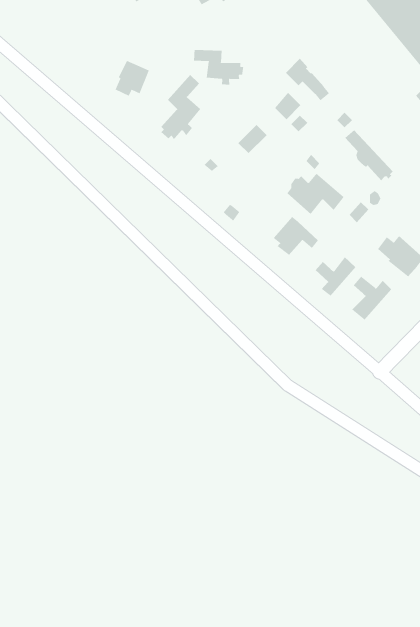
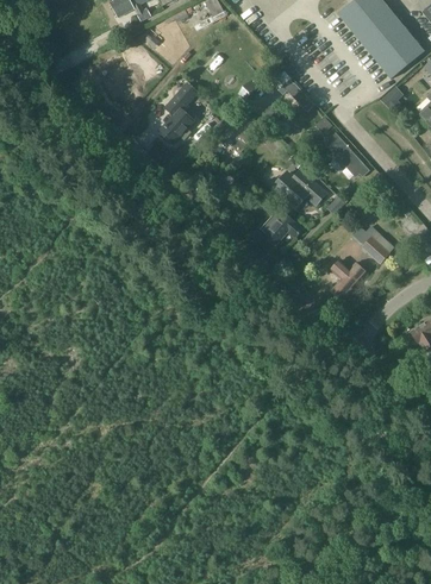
building: [193,49,244,85] -> none
building: [115,60,150,97] -> none
building: [315,256,356,296] -> none

